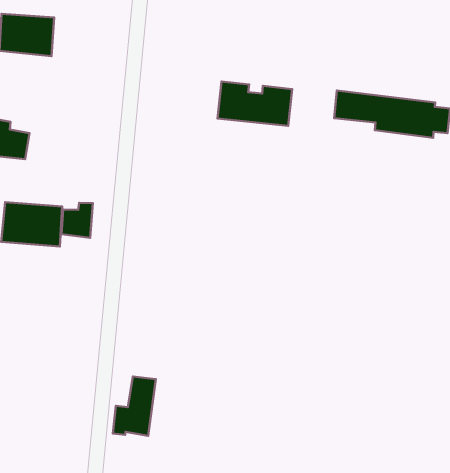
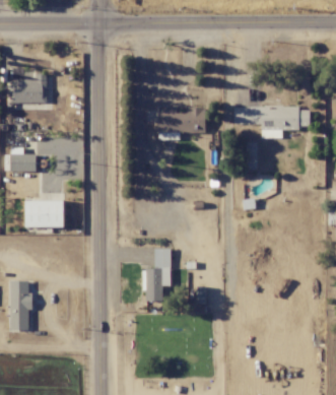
building: [62,203,93,238] -> none
building: [113,377,156,436] -> [146,250,171,288]

